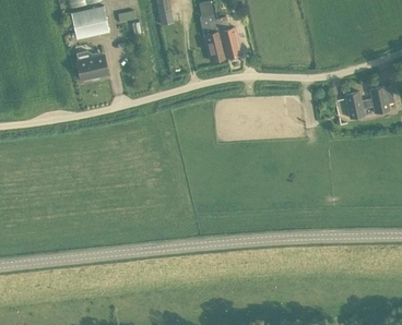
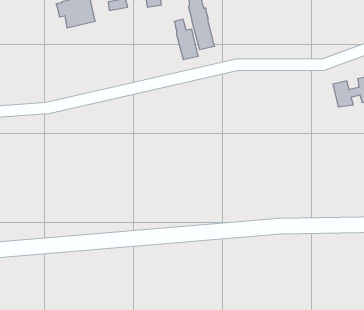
building: [217,17,241,58] -> [174,19,198,59]
building: [75,53,109,82] -> none

